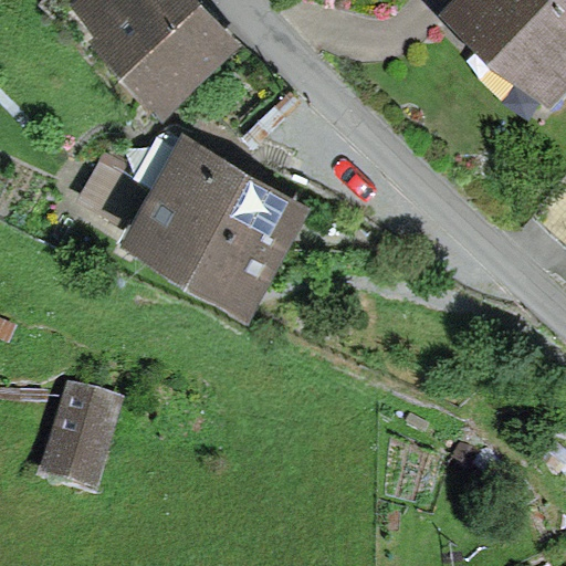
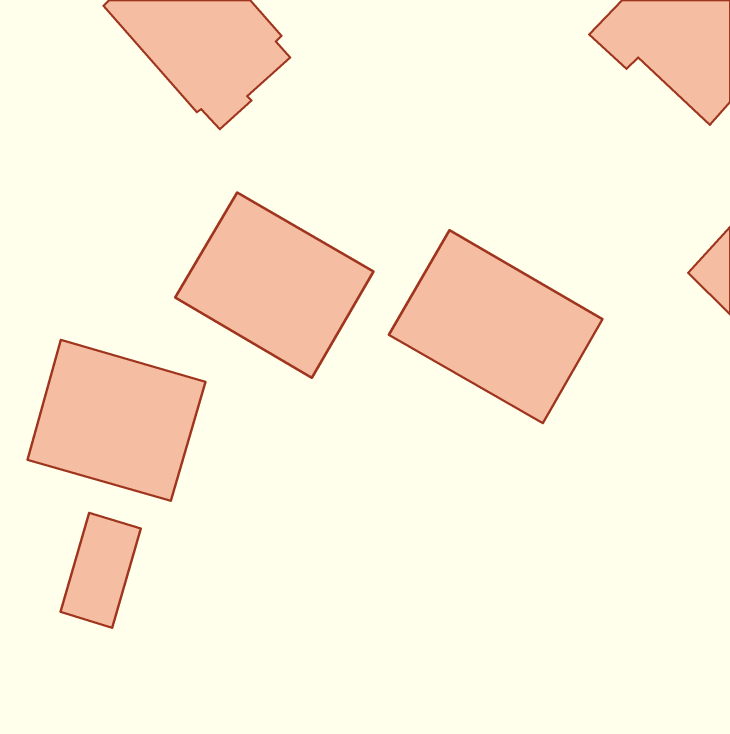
building: none -> [389,230,602,423]
building: none -> [27,340,206,501]

